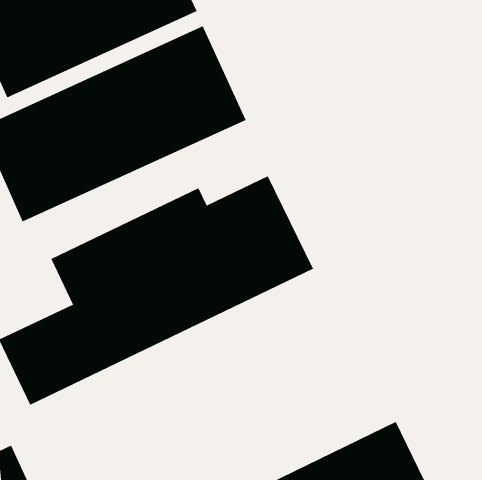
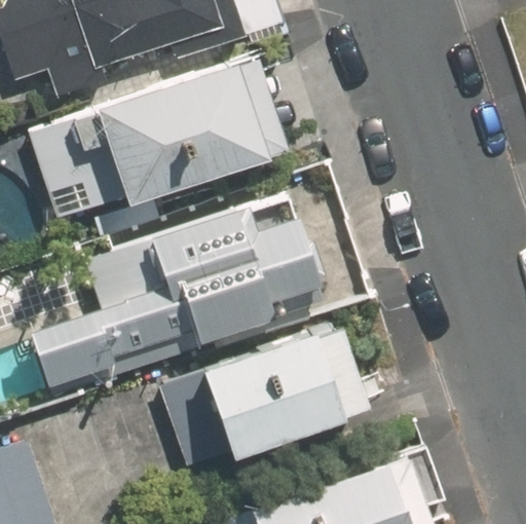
building: none -> [159,325,359,466]

